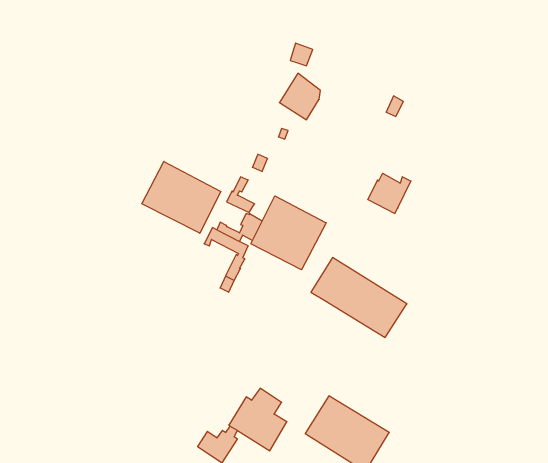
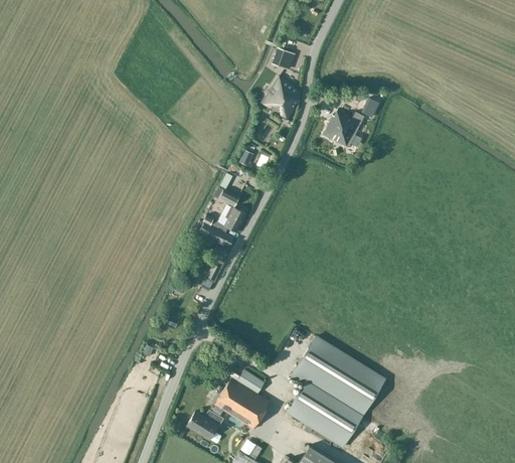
building: [142,161,221,233] -> none
building: [368,173,411,213] -> [324,110,364,147]
building: [251,196,326,270] -> none
building: [311,258,407,337] -> [296,337,385,412]

